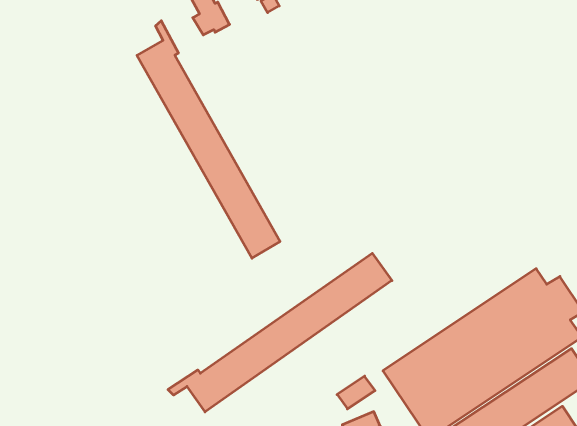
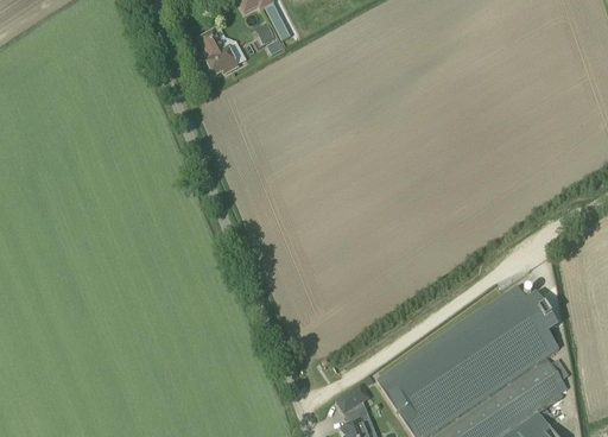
building: [137,21,280,258] -> none
building: [168,253,392,412] -> none

